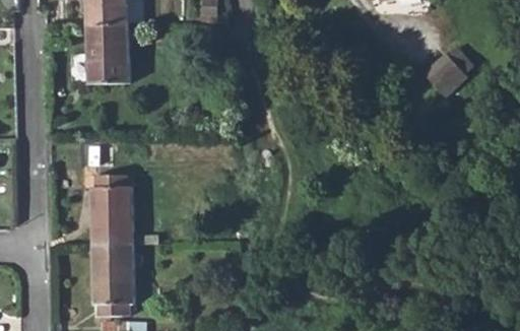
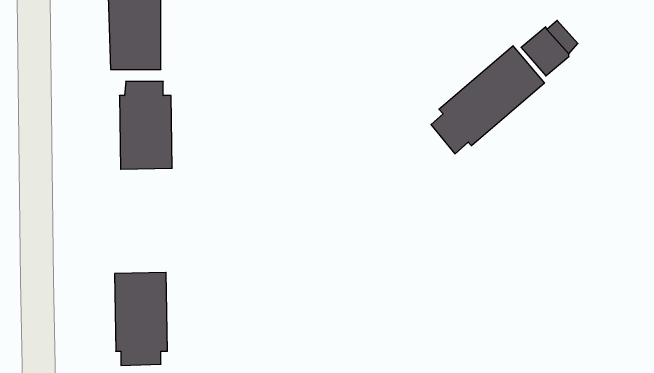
building: none -> [431,46,544,154]
building: [91,177,133,246] -> [119,81,172,169]

